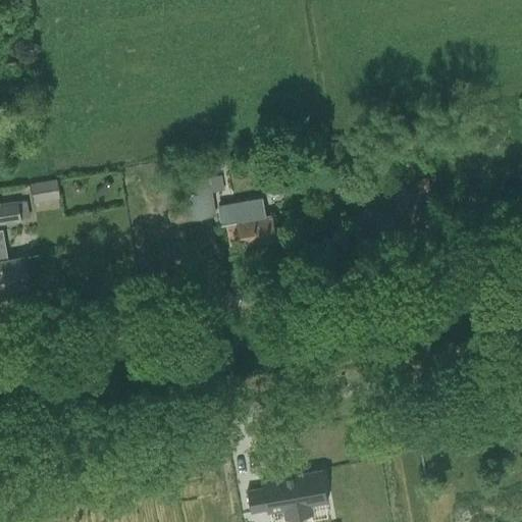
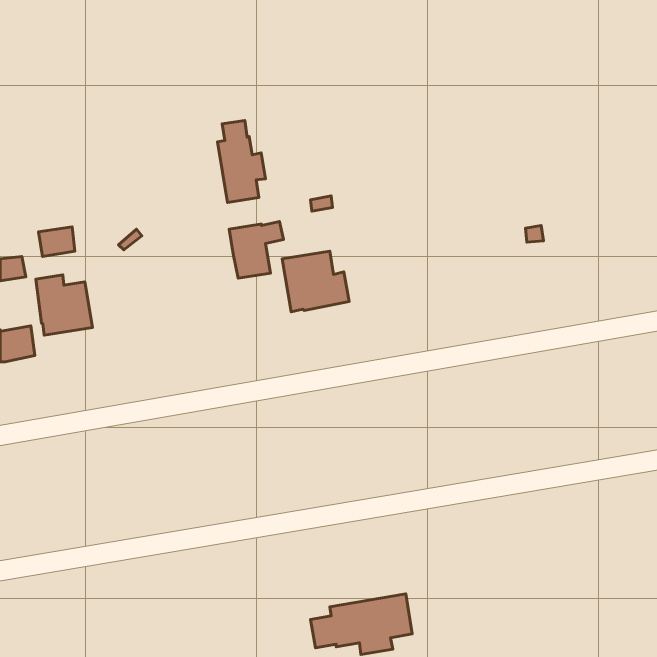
building: none -> [218,120,266,203]
building: none -> [36,275,93,335]

